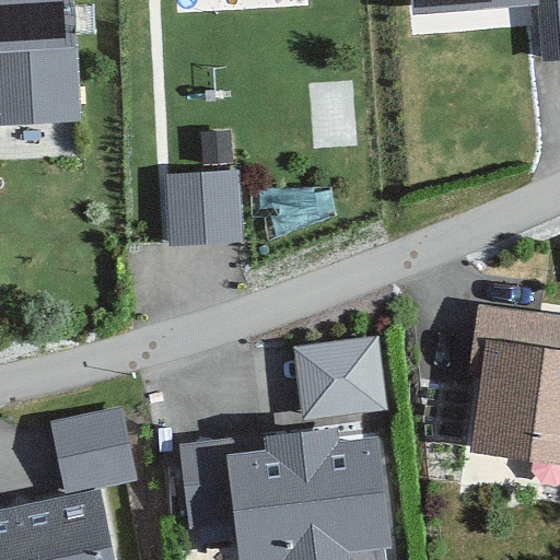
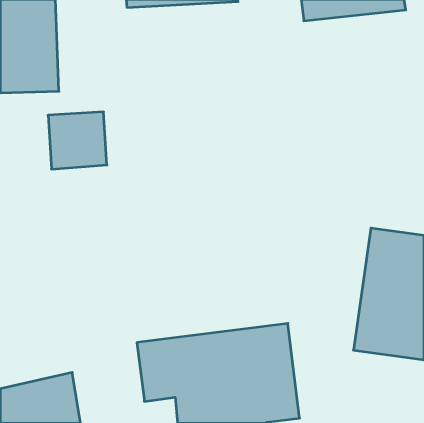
building: [166,172,244,247] -> [48,112,107,169]
building: [293,339,385,419] -> none
building: [43,407,137,490] -> none

